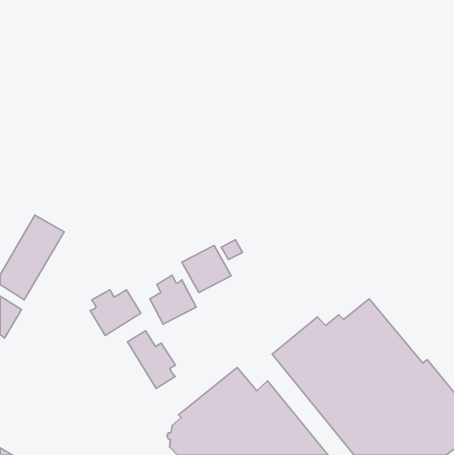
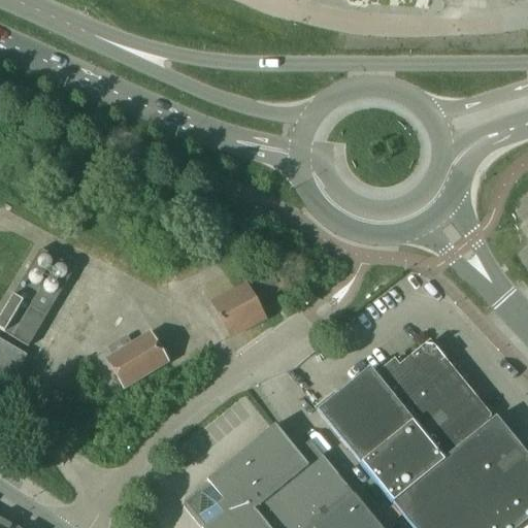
building: [150,275,196,324] -> none
building: [128,331,176,388] -> none

